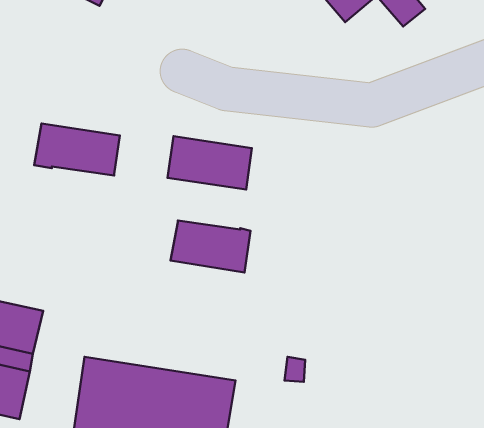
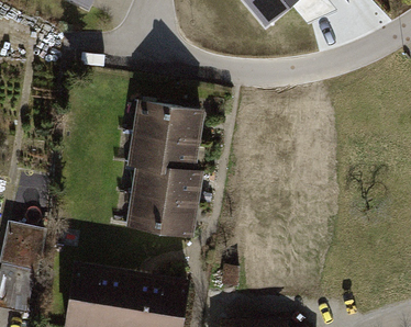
building: [34,124,120,175] -> [132,133,196,171]
building: none -> [135,194,195,233]

